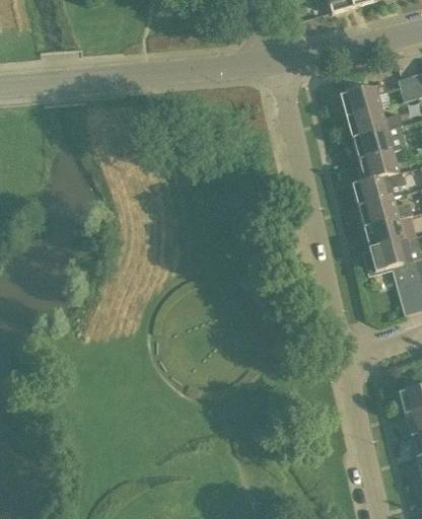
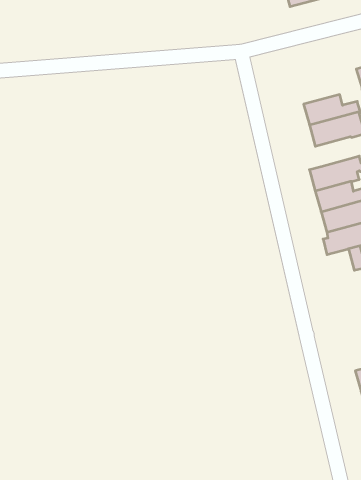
building: [337,80,386,115] -> none
building: [355,148,398,179] -> none

